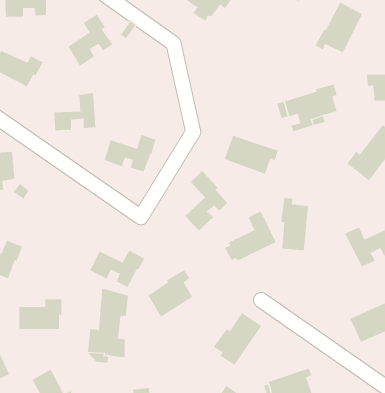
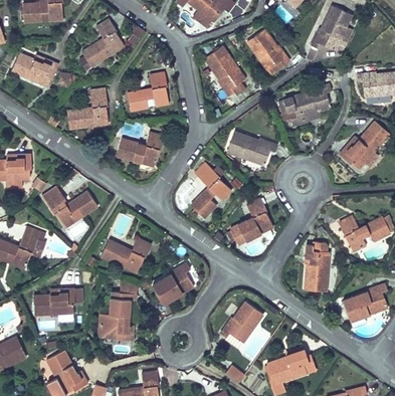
building: none -> [246,30,288,72]
building: none -> [206,48,247,97]
building: none -> [127,74,168,112]
building: none -> [43,184,100,226]
building: [280,197,309,251] -> [299,246,325,295]

